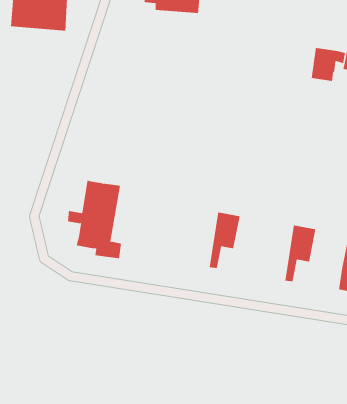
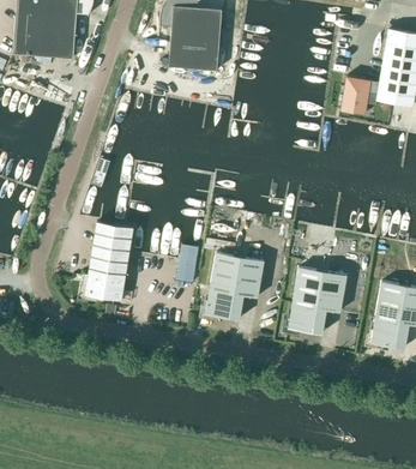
building: none -> [169,36,219,71]
building: none -> [176,245,199,283]
building: none -> [206,253,240,318]
building: none -> [289,267,322,332]

